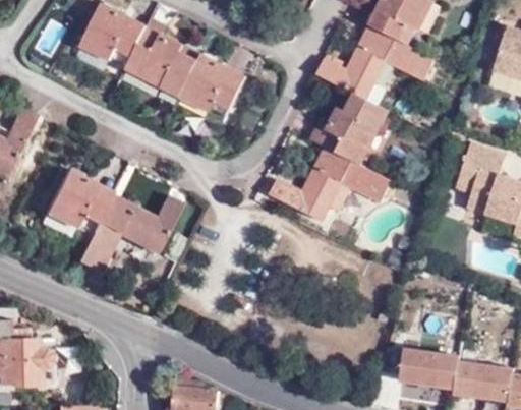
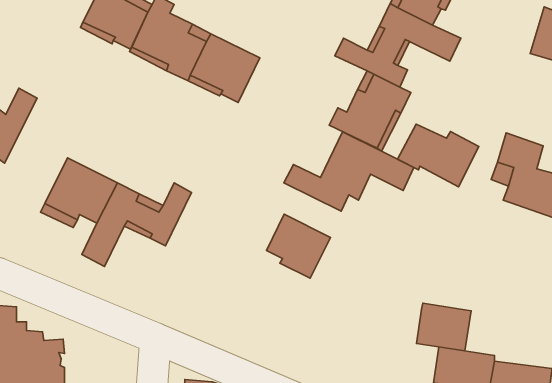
building: none -> [397,124,479,187]
building: none -> [267,214,331,278]
building: none -> [417,303,471,351]

